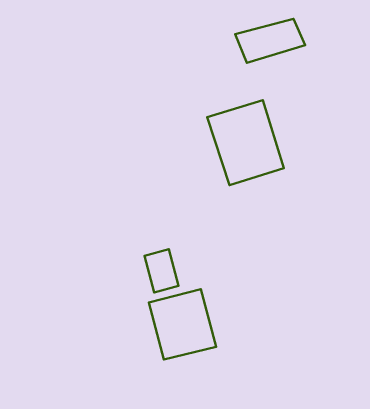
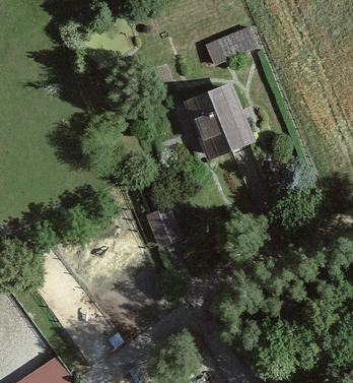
building: [149,289,216,359] -> none

